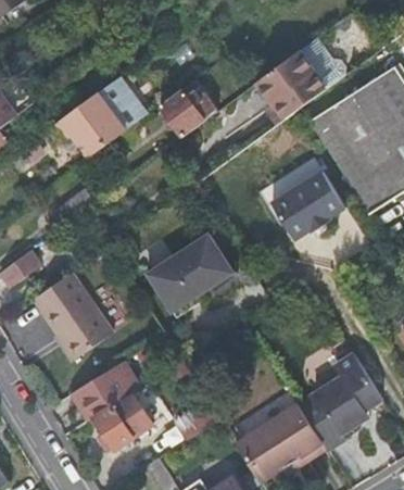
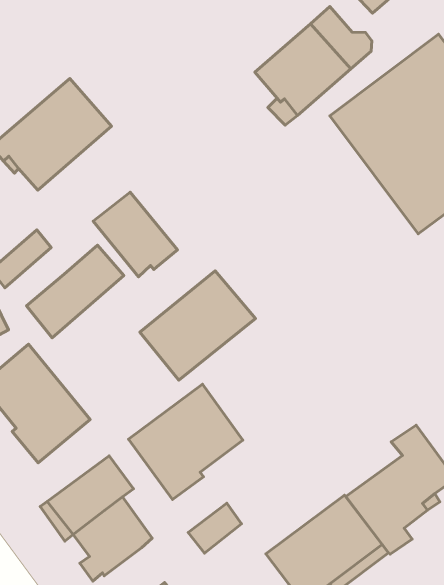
building: [159,79,217,136] -> none
building: none -> [93,192,178,277]
building: [270,171,345,240] -> none
building: none -> [26,245,124,338]
building: none -> [129,384,243,500]

